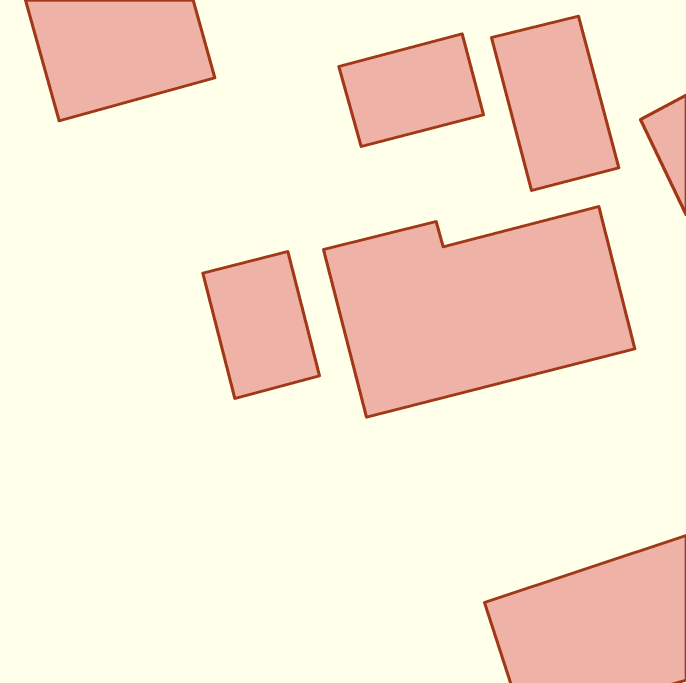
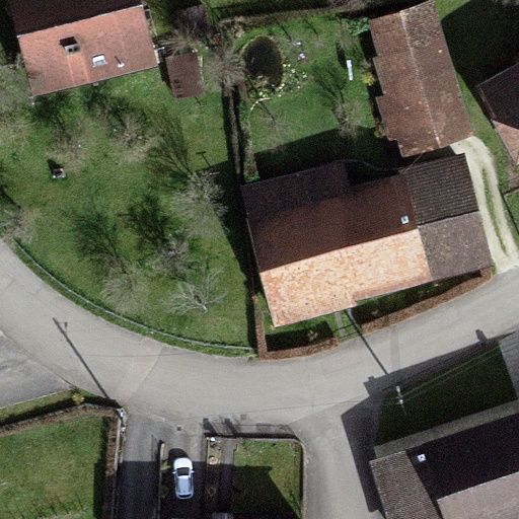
building: [339,34,483,147] -> none
building: [203,251,319,399] -> none

